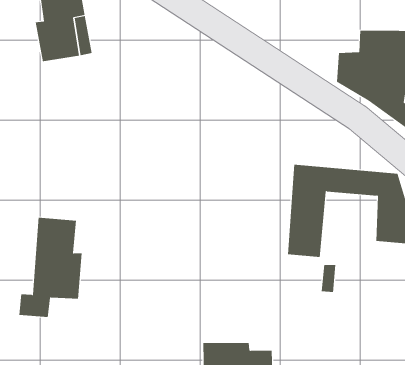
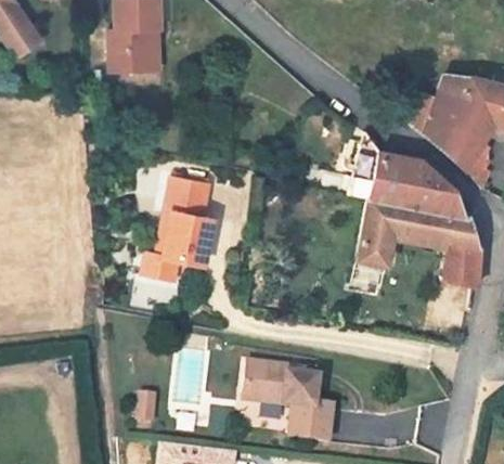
building: none -> [344,132,453,218]
building: [18,217,82,317] -> [146,181,218,284]

